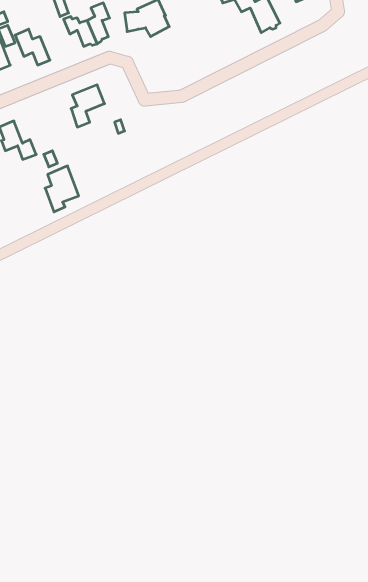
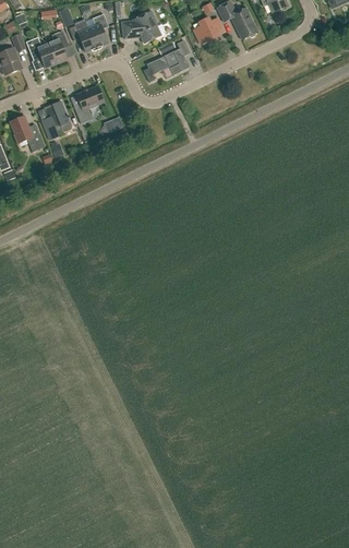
building: none -> [193,16,224,44]
building: none -> [47,29,69,63]
building: none -> [143,39,190,82]
building: [45,166,79,212] -> [41,99,71,140]

